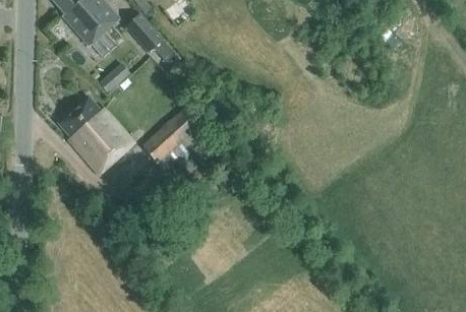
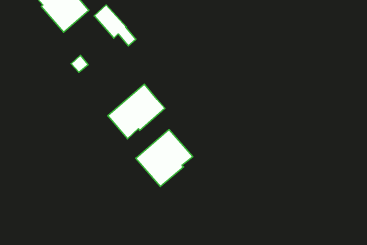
building: [58,96,134,173] -> none
building: none -> [136,130,193,187]

